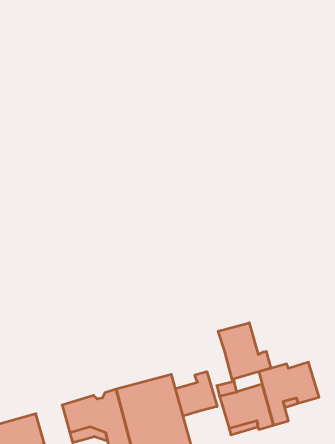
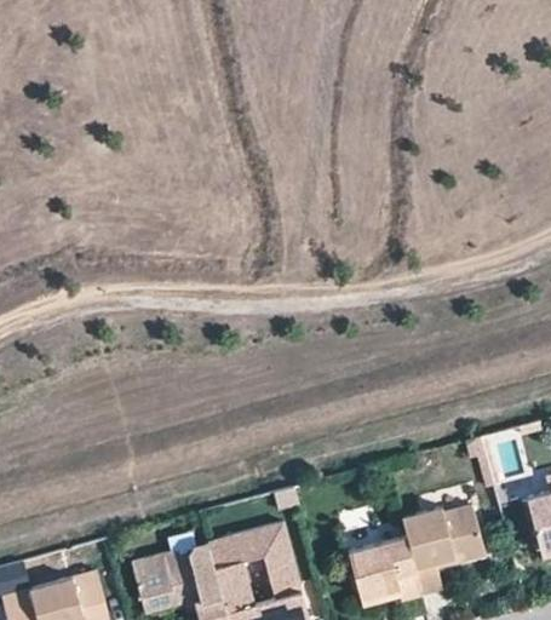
building: [218,323,271,380] -> none
building: [175,372,217,416] -> none

